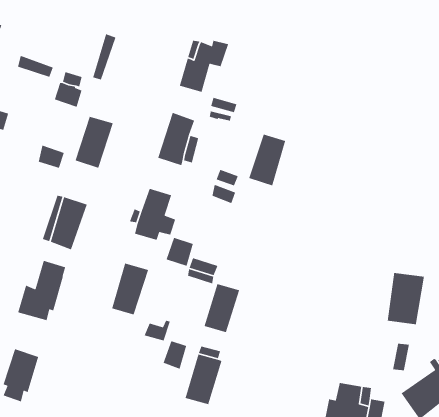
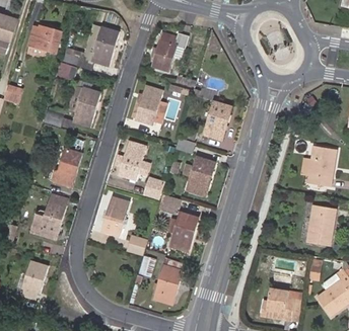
building: none -> [32,24,64,52]
building: none -> [93,29,121,67]
building: none -> [307,145,336,185]
building: none -> [187,156,215,195]

